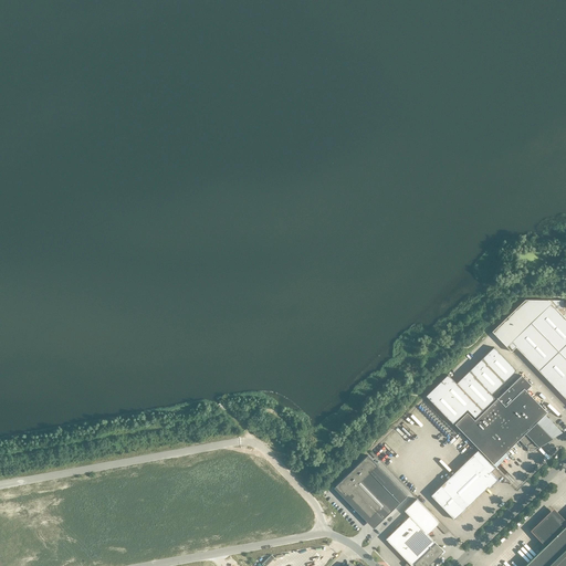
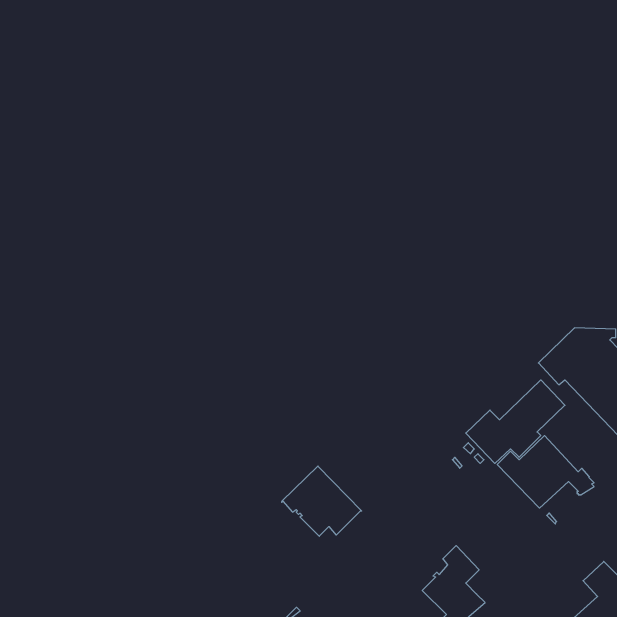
building: [499,376,554,446] -> none
building: [431,438,499,521] -> none
building: [335,457,408,521] -> [282,466,362,536]

